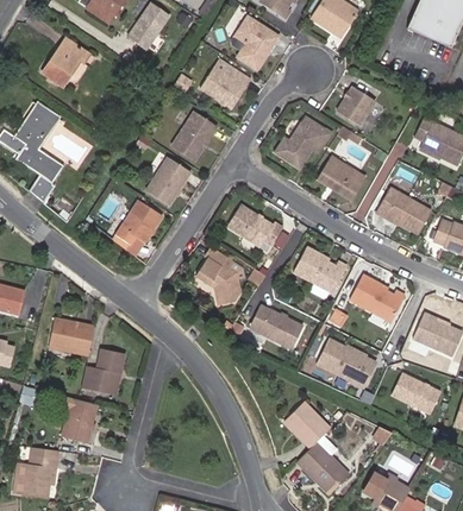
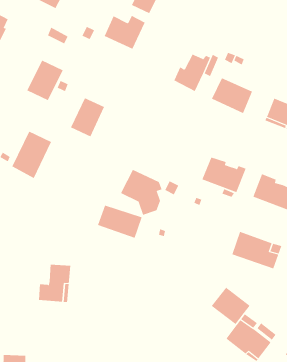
building: [337,87,376,126] -> none
building: [171,112,218,160] -> [27,60,63,101]
building: [112,200,163,257] -> [11,131,52,179]
building: [227,204,283,247] -> none
building: [249,305,304,349] -> [97,205,143,238]
building: [49,317,95,357] -> none
building: [62,398,99,443] -> none

